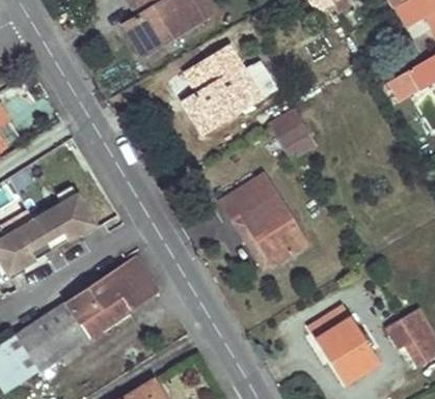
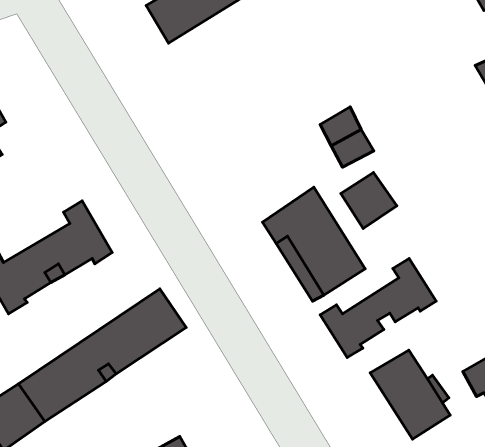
building: [183,47,274,132] -> none
building: none -> [341,173,397,228]
building: none -> [320,259,436,357]

